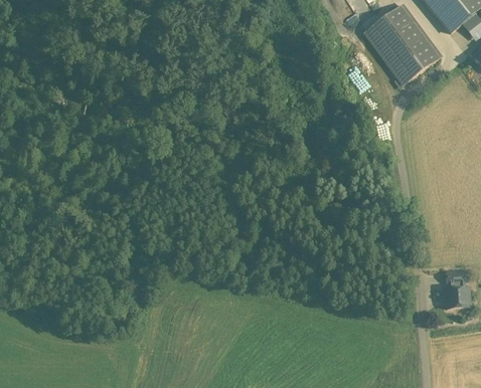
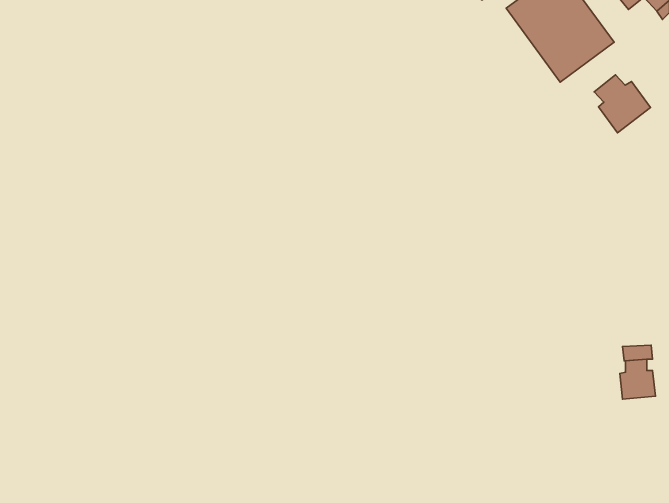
building: none -> [594,75,650,133]

